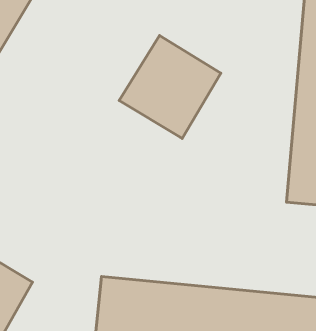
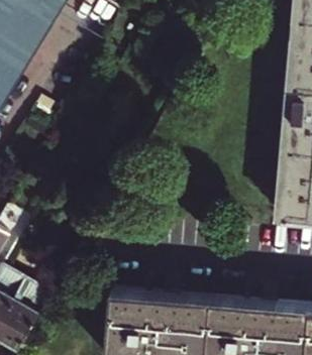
building: [119,35,221,139] -> none

